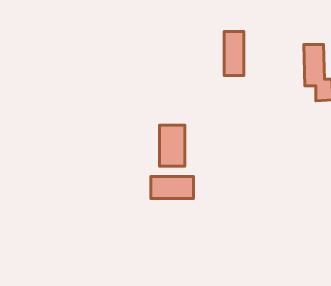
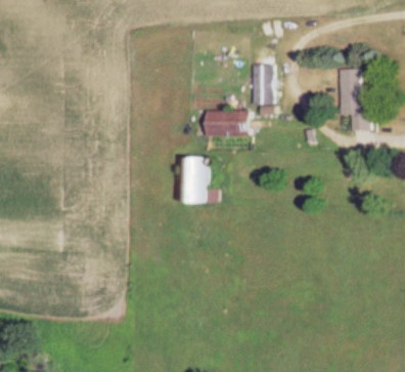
building: none -> [206,111,249,136]
building: [151,176,194,199] -> none

